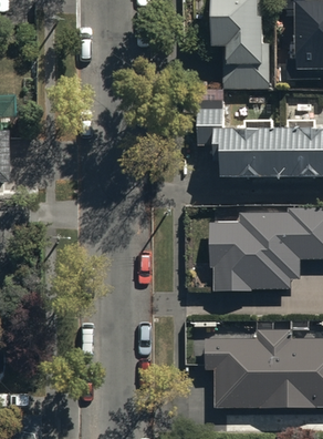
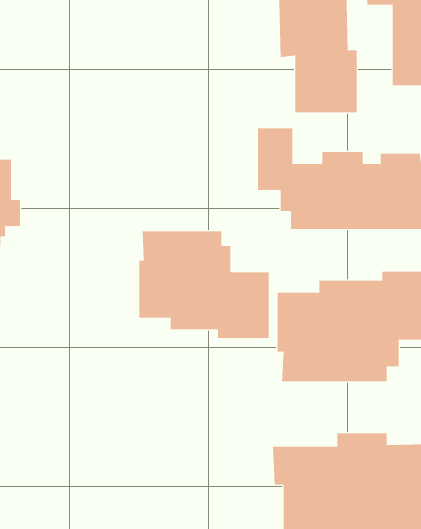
building: none -> [139,230,269,339]

